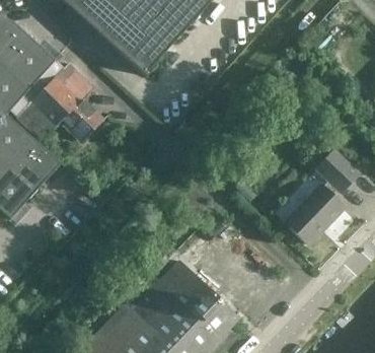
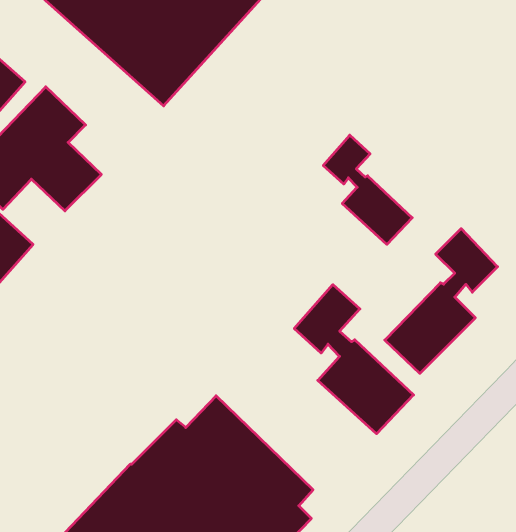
building: none -> [323,135,412,244]
building: none -> [294,285,414,434]

